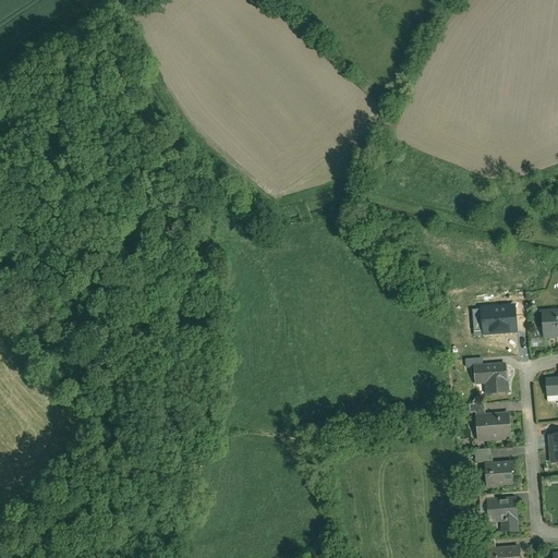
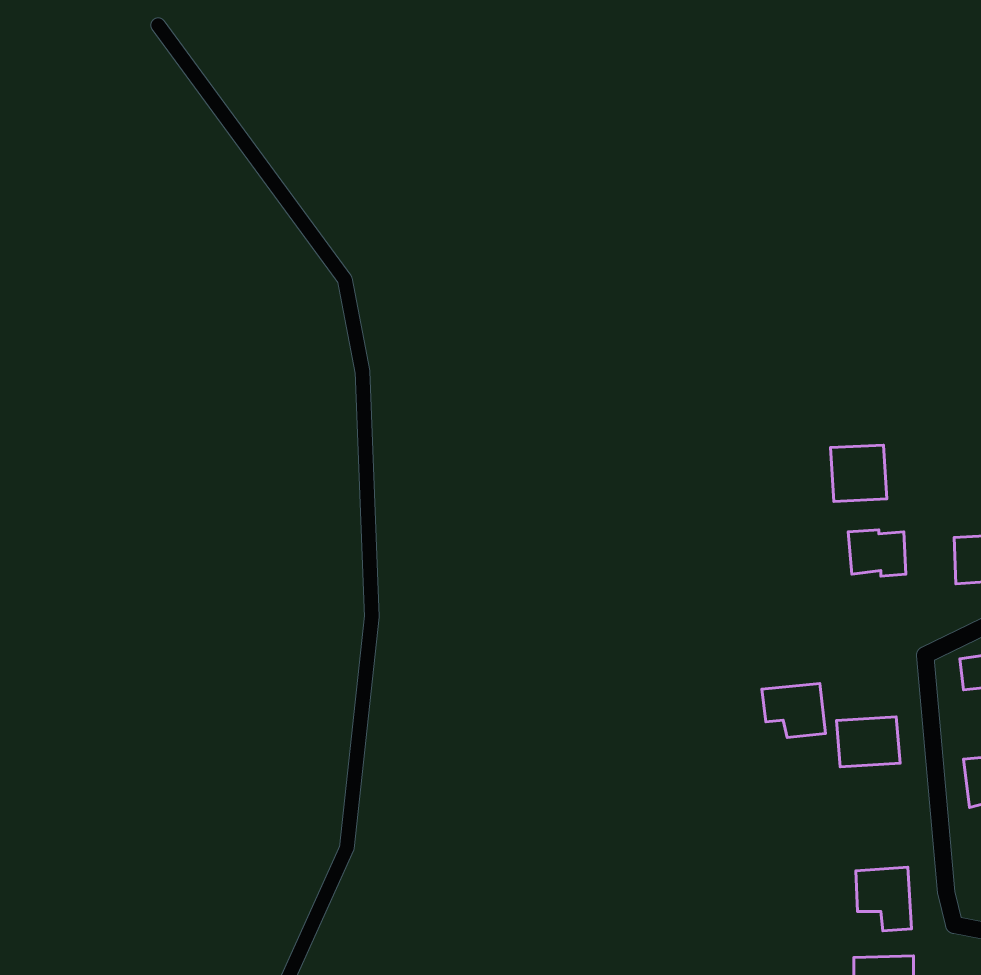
building: none -> [830,445,887,501]
building: [472,362,508,392] -> [762,683,826,737]
building: [484,460,513,486] -> none

